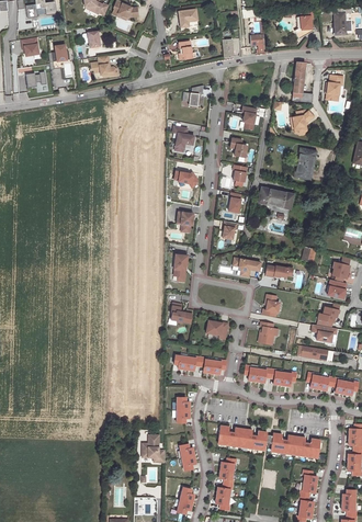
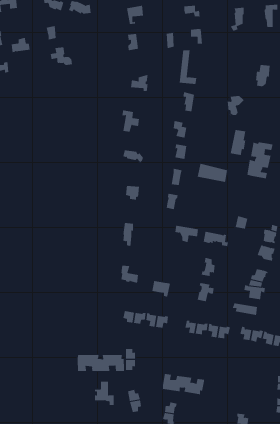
building: [292,63,313,102] -> [179,50,197,85]
building: none -> [247,142,273,179]
building: none -> [77,354,125,372]
building: [268,433,319,457] -> none

